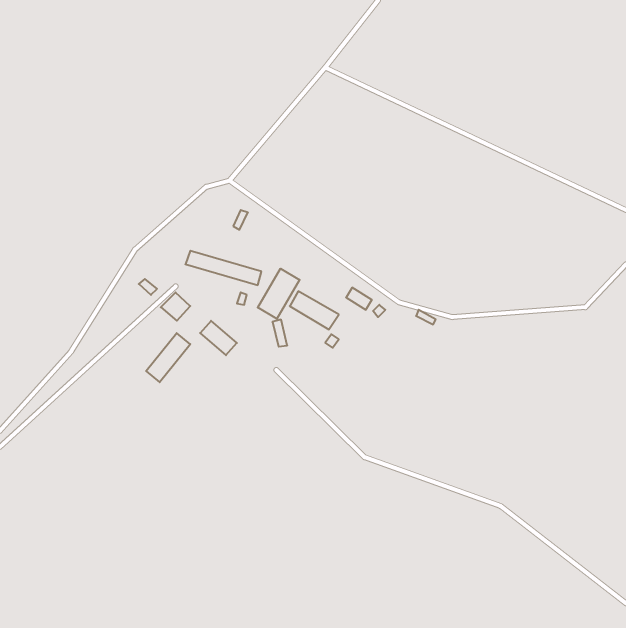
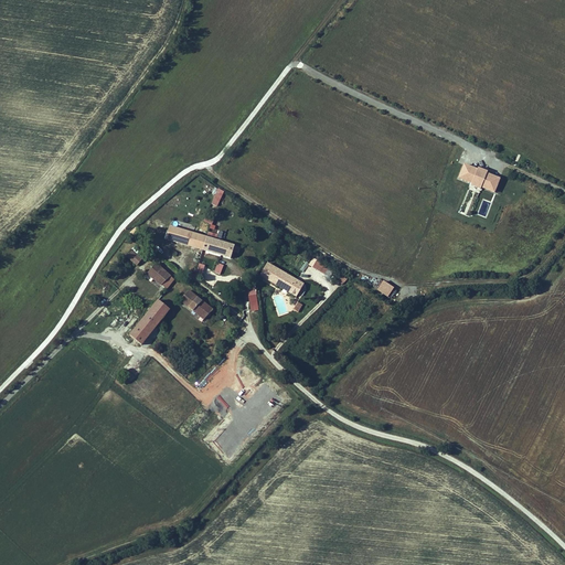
building: none -> [459,162,502,192]
building: [258,269,300,319] -> none

